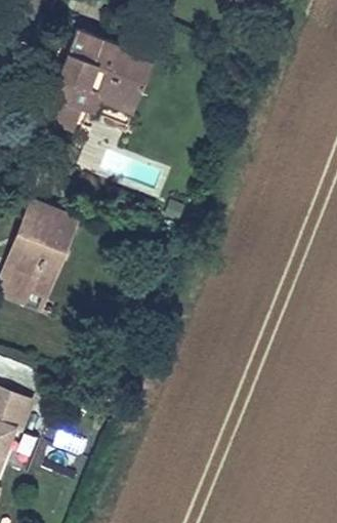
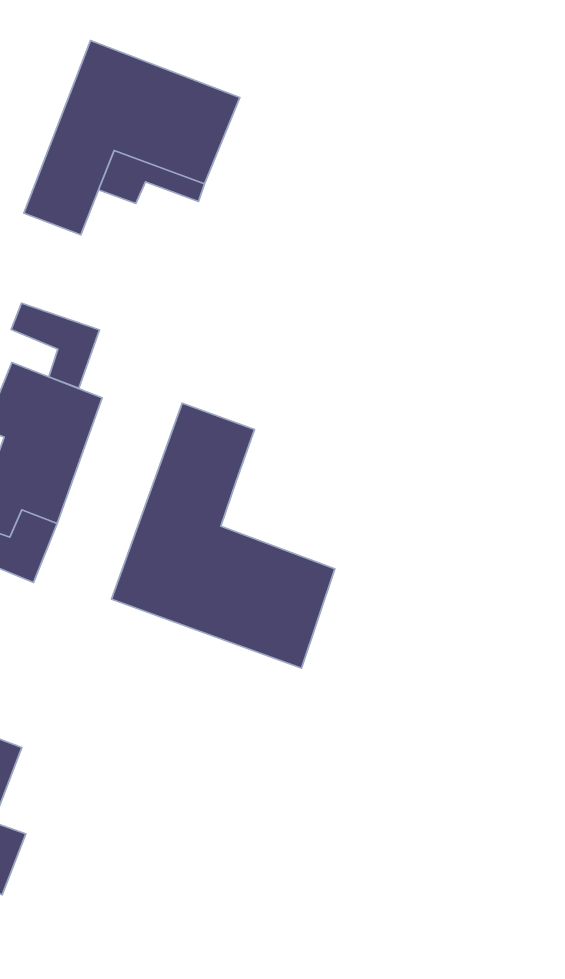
building: none -> [11,303,100,388]
building: none -> [112,403,335,668]

